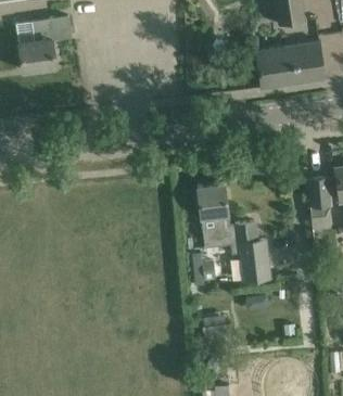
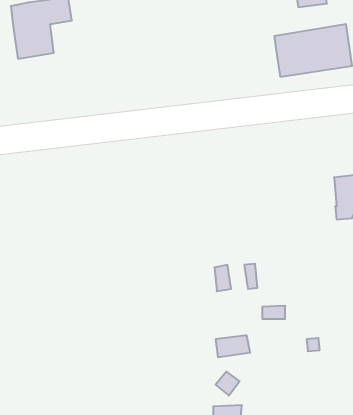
building: [196,182,269,282] -> none

